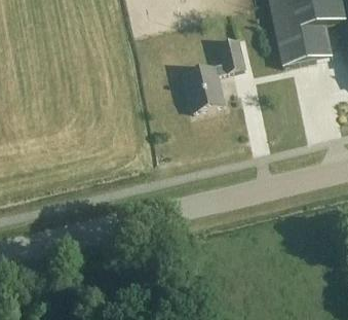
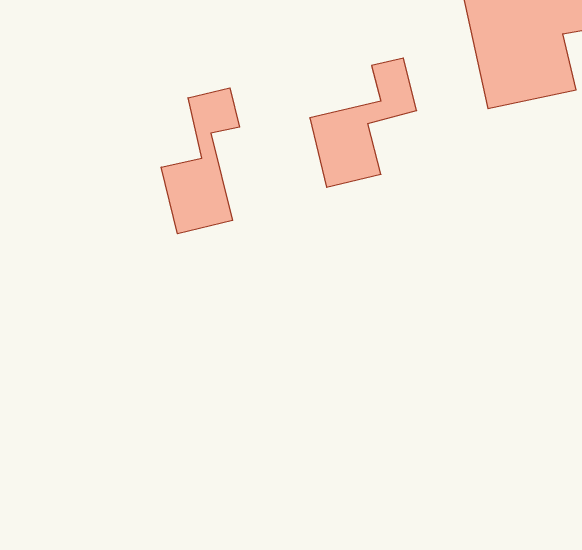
building: none -> [161,88,240,234]

